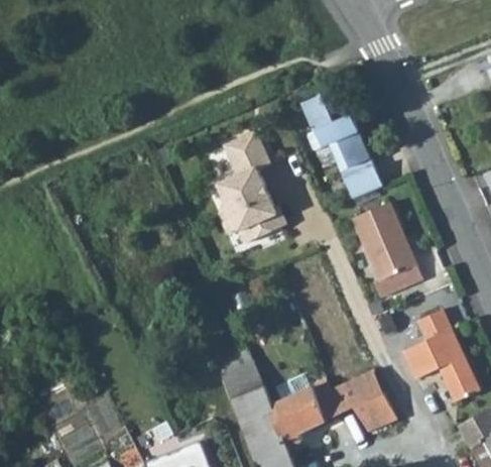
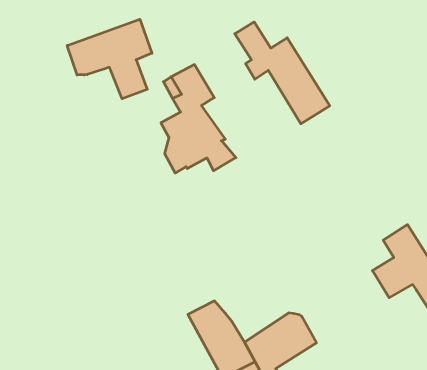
building: none -> [67,19,152,99]
building: [351,201,421,296] -> none
building: [330,367,398,432] -> none

